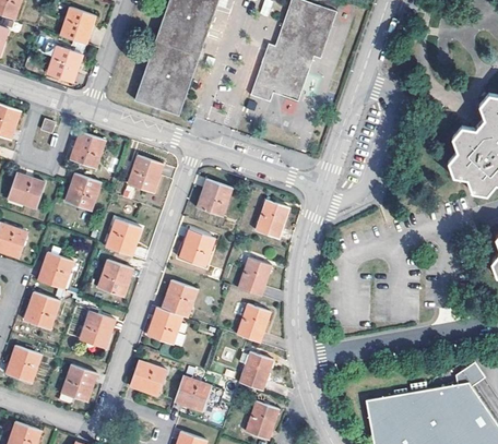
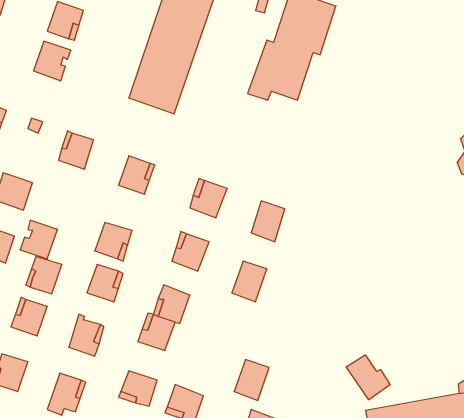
building: [64,172,100,209] -> [20,220,57,259]
building: [237,303,271,341] -> none
building: none -> [346,355,390,400]

